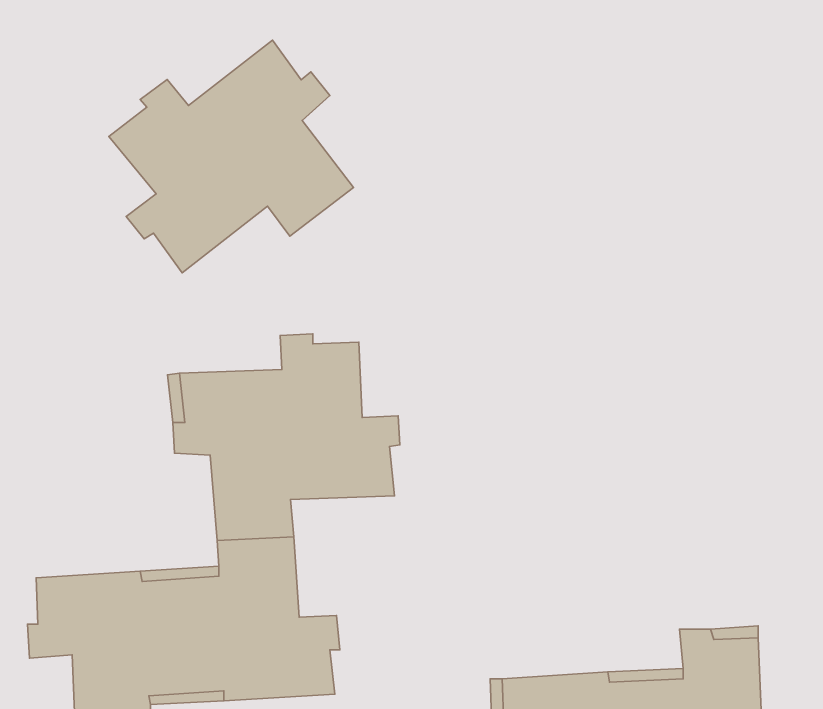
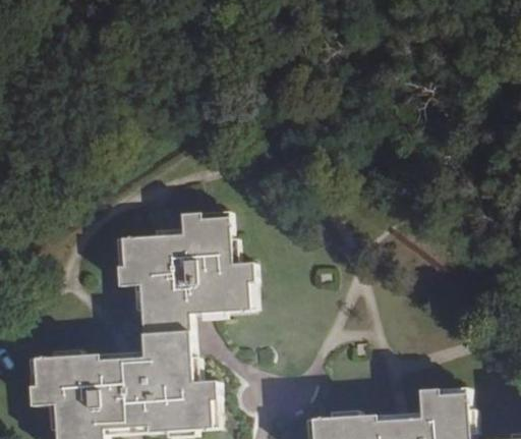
building: [109,40,353,273] -> none

